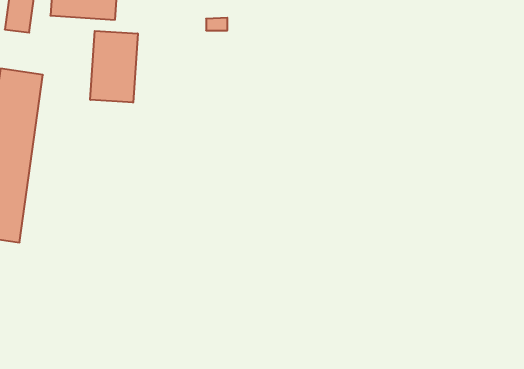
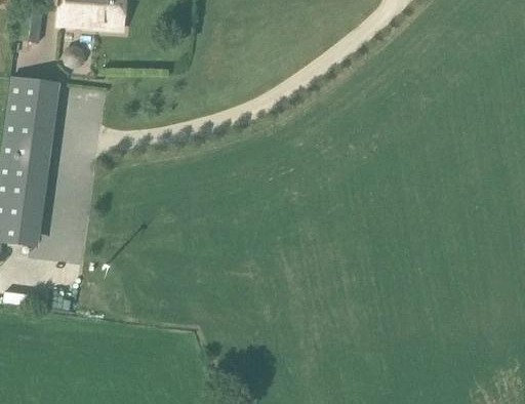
building: [90,31,138,103] -> none

